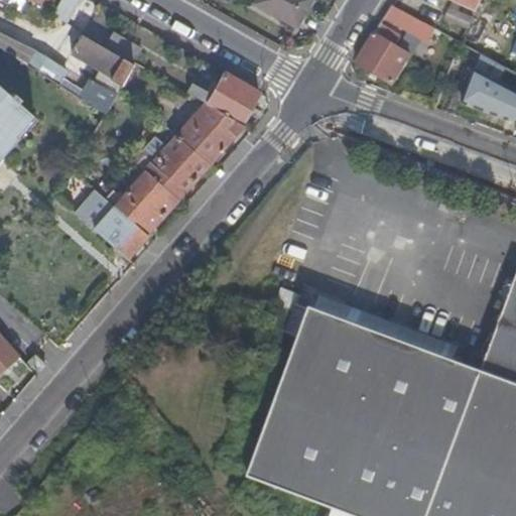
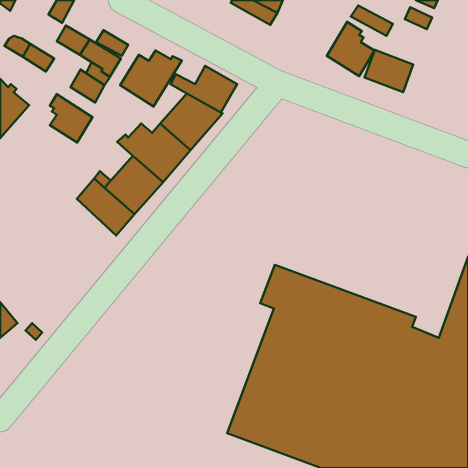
building: none -> [120,50,182,106]
building: [455,66,508,112] -> [365,50,413,92]
building: none -> [50,94,92,142]

